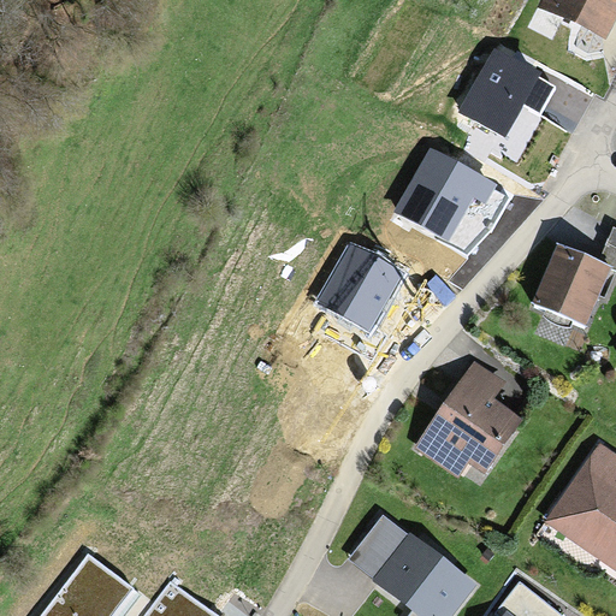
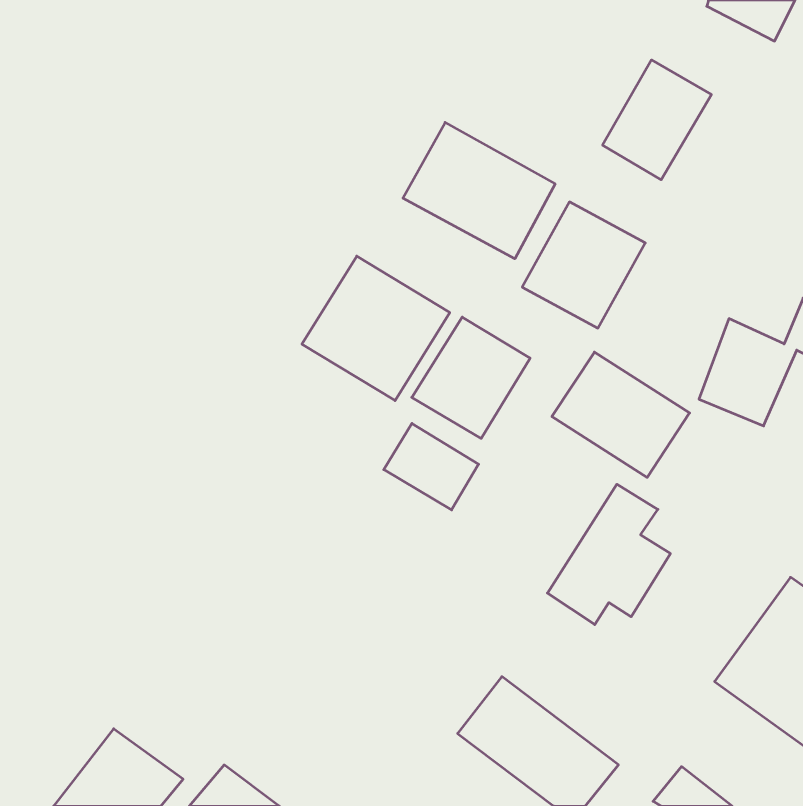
building: none -> [403,122,555,259]
building: none -> [302,256,450,401]
building: none -> [552,352,690,477]
building: none -> [384,423,479,510]

